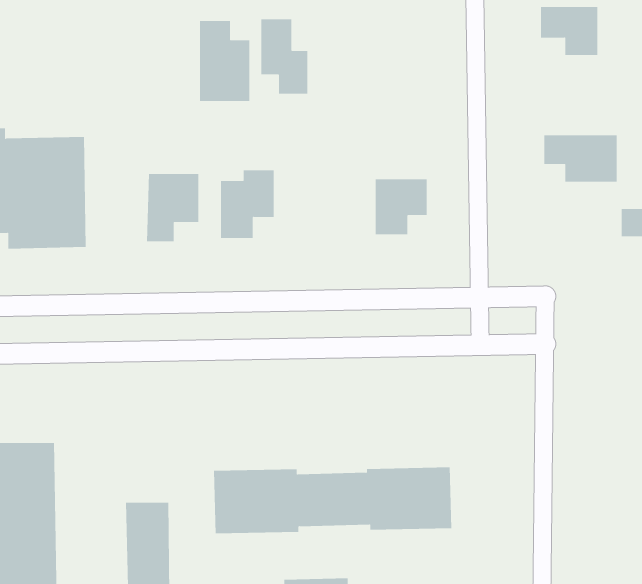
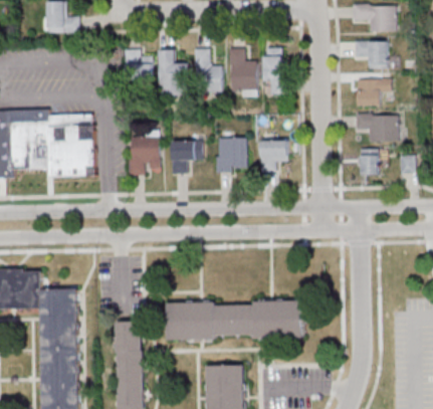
building: none -> [261,46,283,93]
building: none -> [228,47,256,95]
building: none -> [124,48,152,80]
building: none -> [355,79,391,107]
building: none -> [214,132,247,171]
building: none -> [359,148,378,175]

